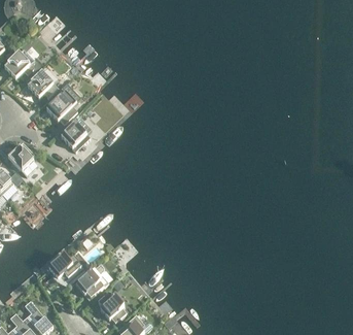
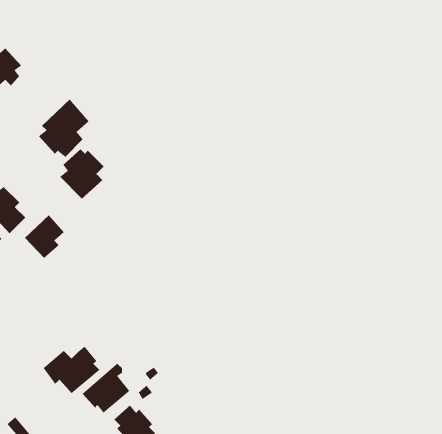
building: [27,67,57,97] -> none
building: none -> [24,215,65,259]

